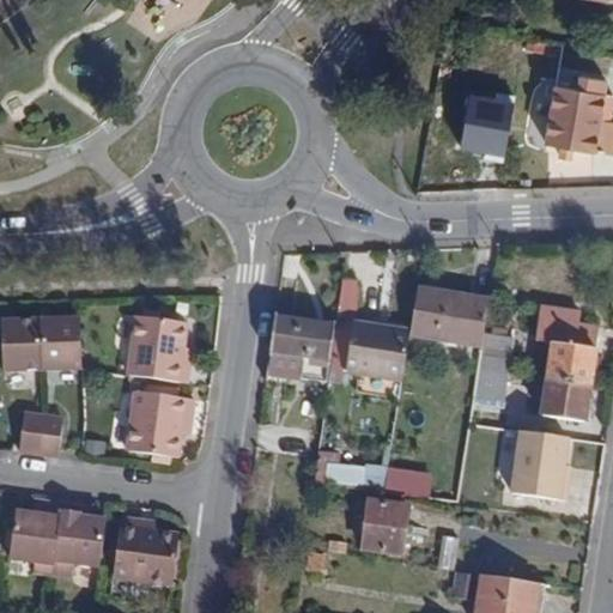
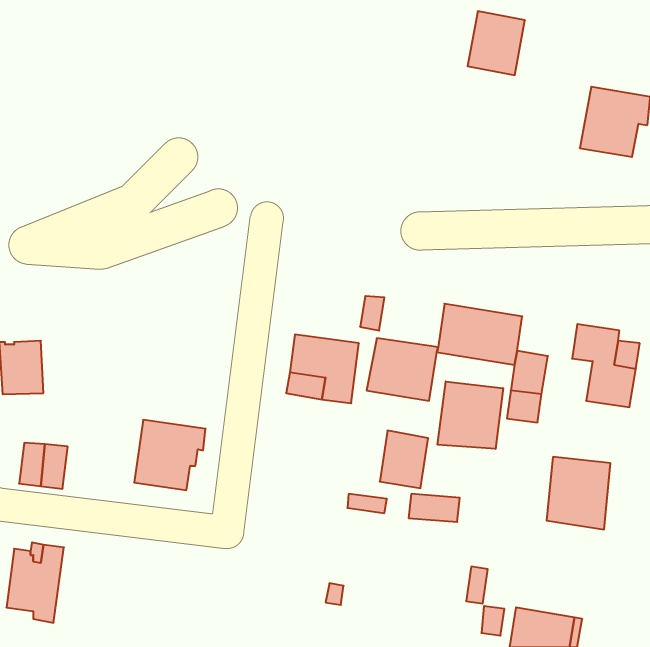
building: [457,93,511,153] -> [468,11,525,75]
building: [38,318,80,369] -> none
building: [127,318,189,386] -> none
building: none -> [438,381,503,449]
building: [544,376,590,419] -> none
building: [362,496,407,550] -> [380,431,428,488]
building: [50,514,104,587] -> none
building: [113,521,178,590] -> none

